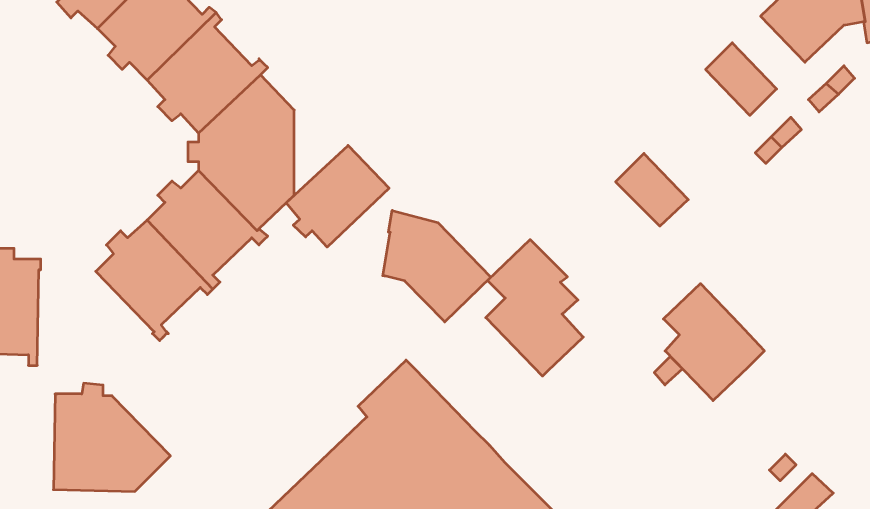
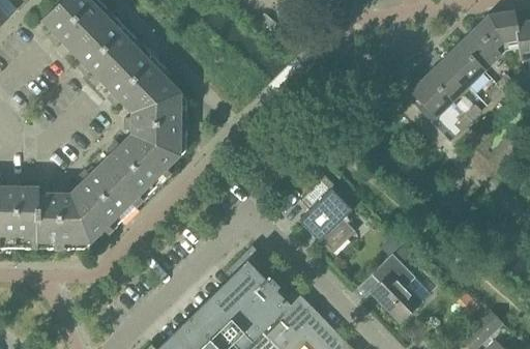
building: none -> [442,45,484,87]
building: [286,145,389,247] -> none
building: [616,153,688,226] -> [410,76,452,118]
building: [383,210,491,322] -> none
building: [663,284,764,401] -> [371,254,430,322]
building: [53,383,170,491] -> [36,186,105,250]

